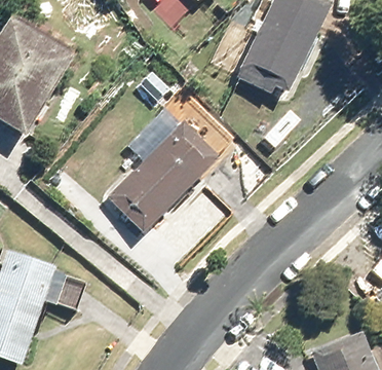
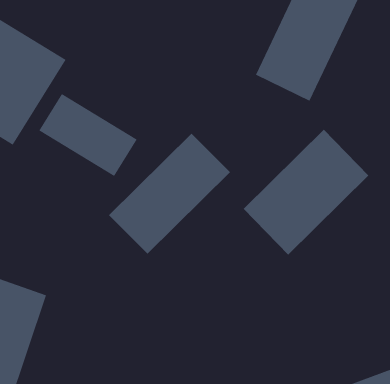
building: none -> [39,93,137,177]
building: none -> [243,129,369,255]

